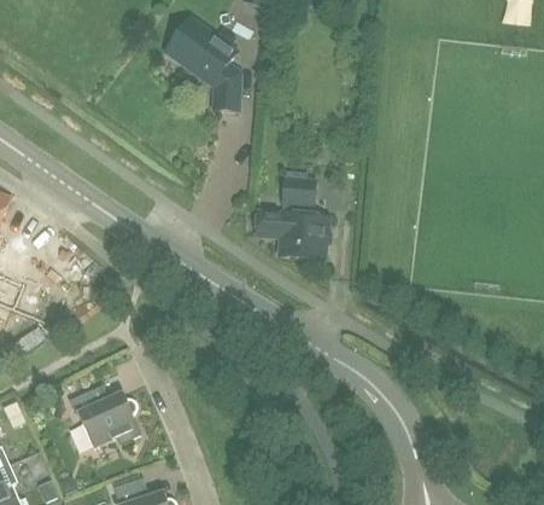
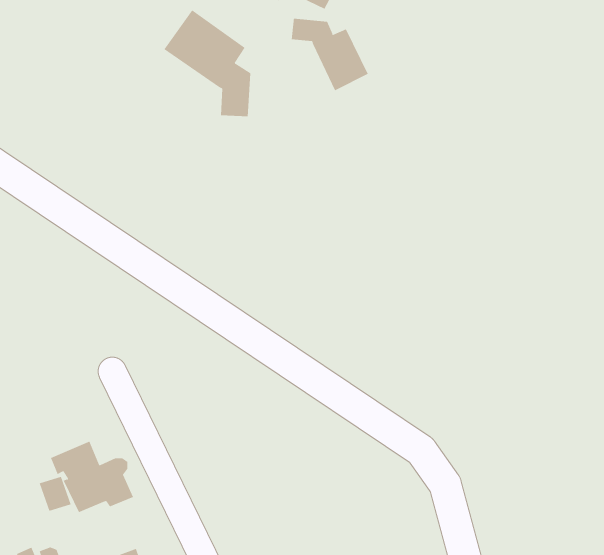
building: none -> [291,18,369,91]
building: [256,176,328,259] -> none

